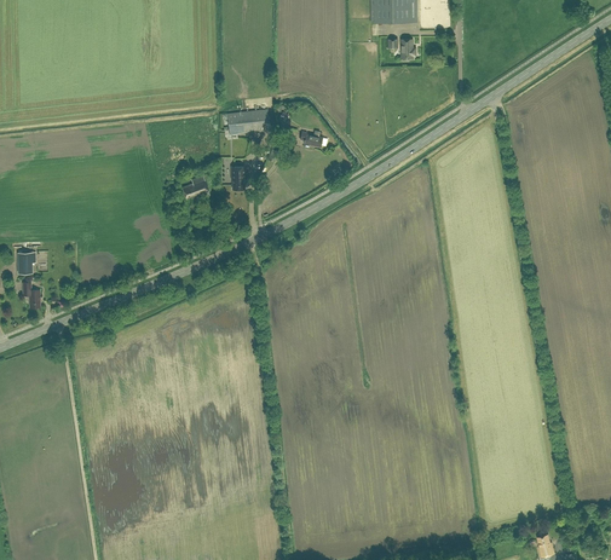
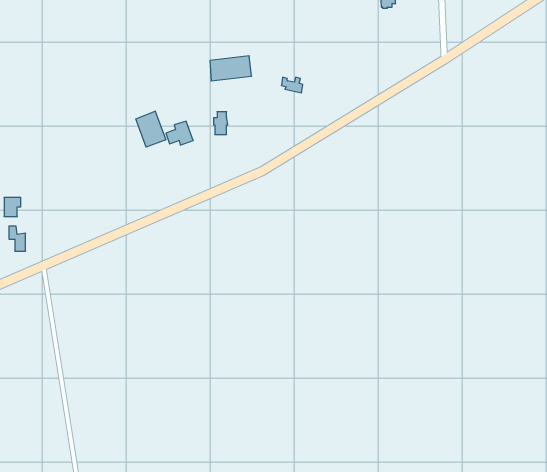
building: none -> [136,111,166,147]

